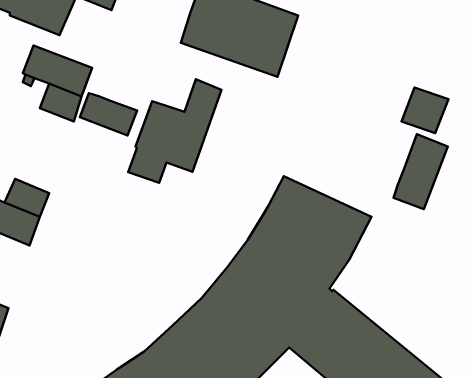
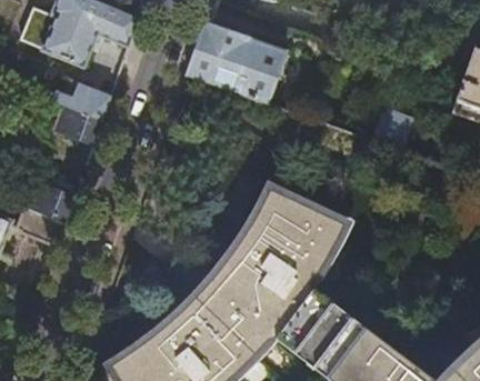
building: [128,79,222,183] -> none
building: [80,93,137,135] -> none
building: [394,134,448,209] -> none

